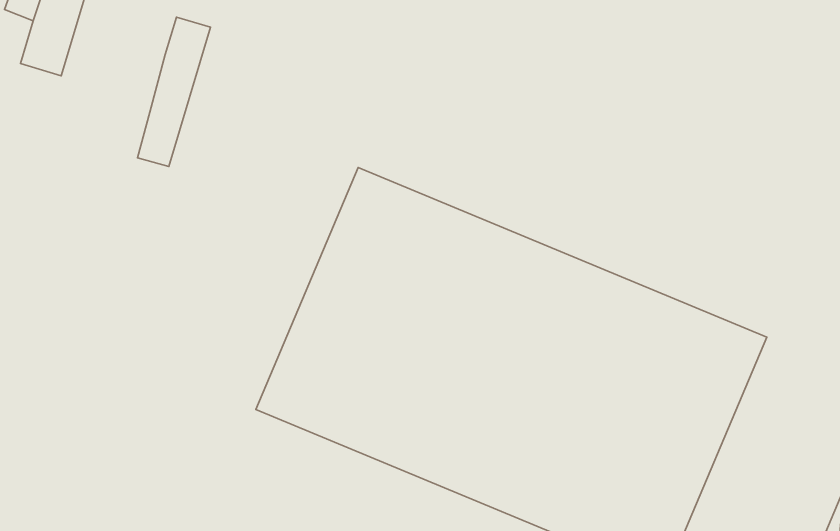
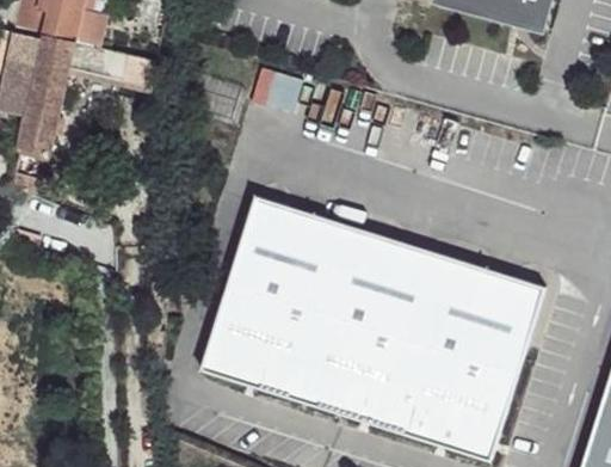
building: [137,17,211,166] -> none

